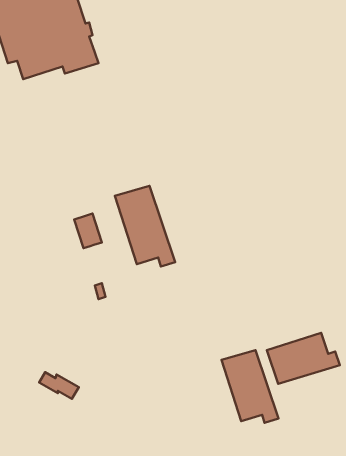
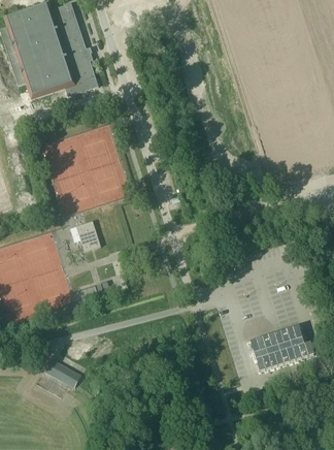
building: [115,186,175,266] -> none
building: [222,350,278,423] -> none

